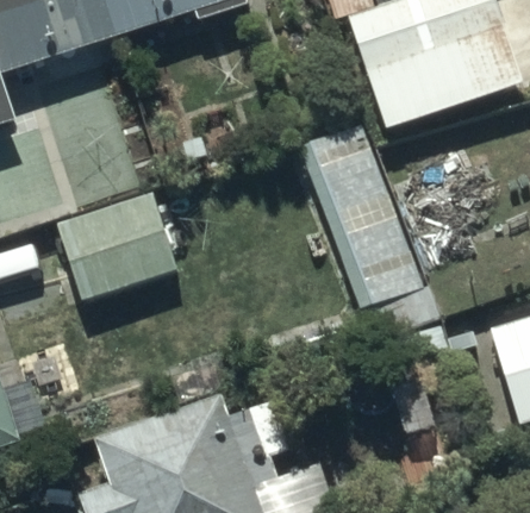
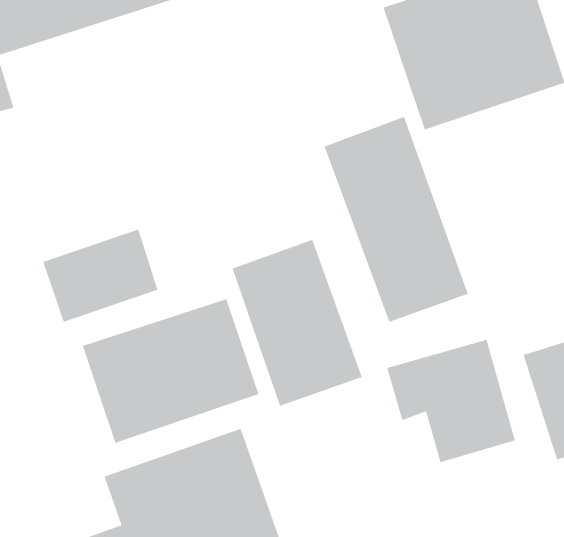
building: none -> [231,239,363,407]
building: none -> [82,298,260,444]

